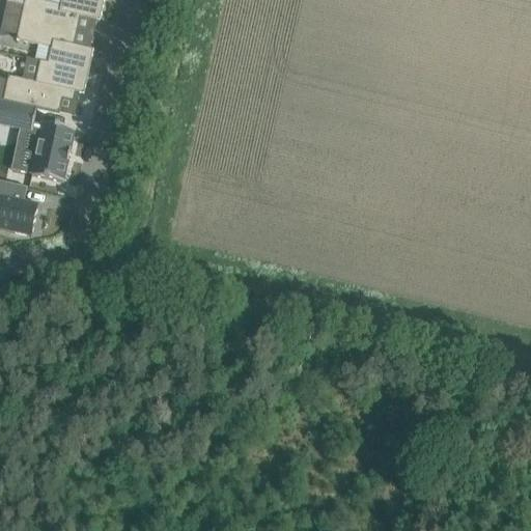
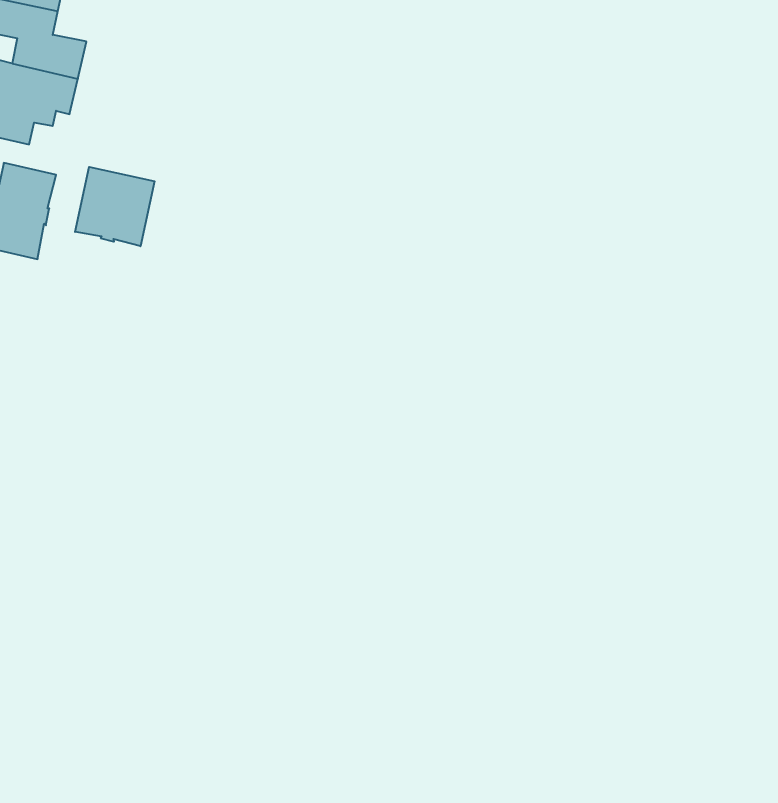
building: none -> [75,167,155,246]

